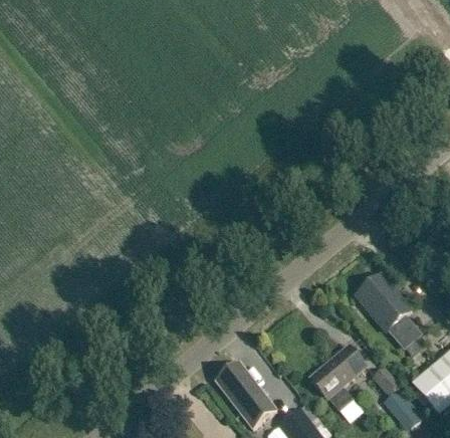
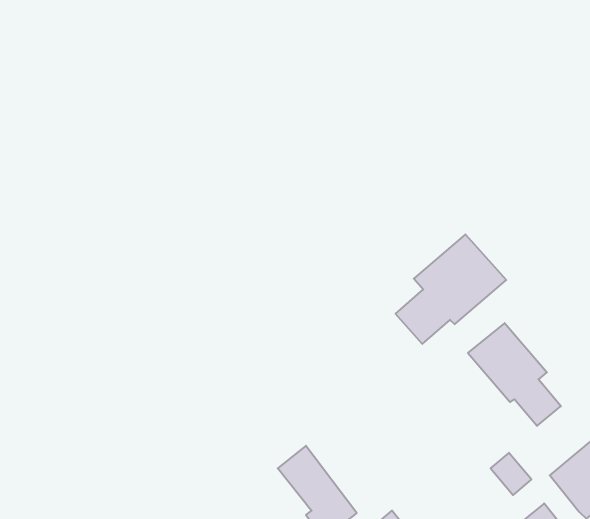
building: none -> [396,234,506,344]
building: [309,345,365,404] -> none

